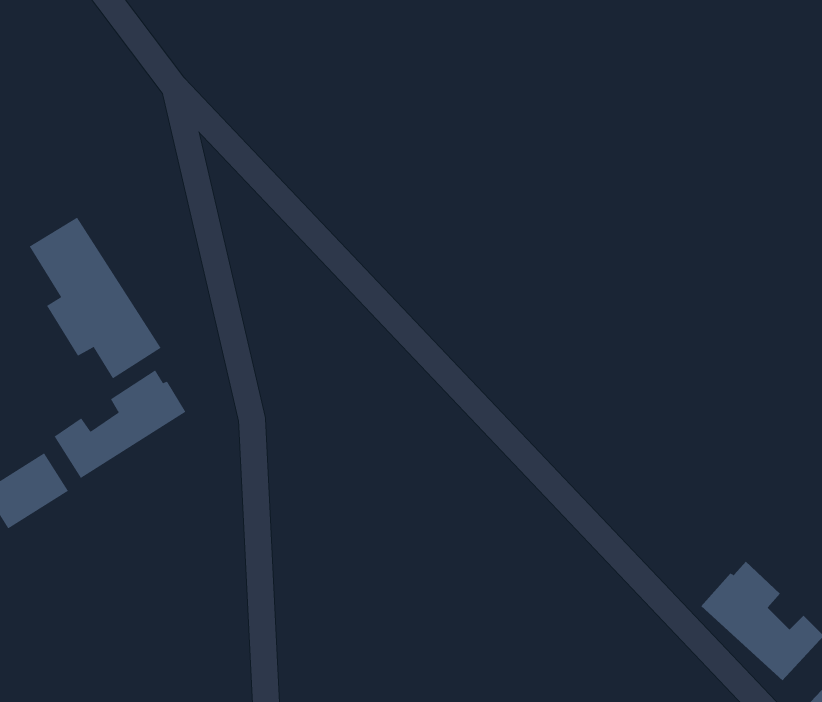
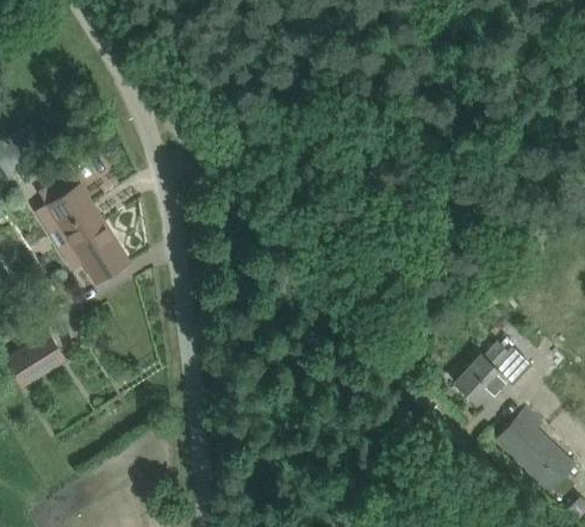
building: [54,369,186,479] -> none
building: none -> [454,343,510,404]

